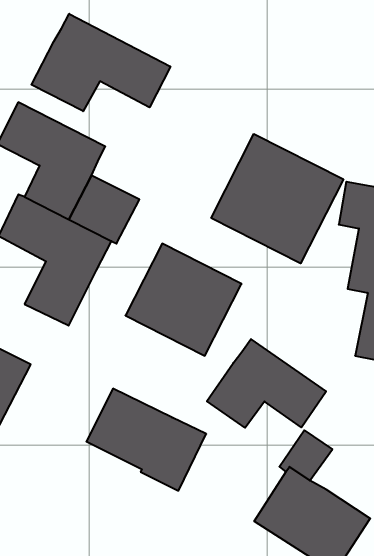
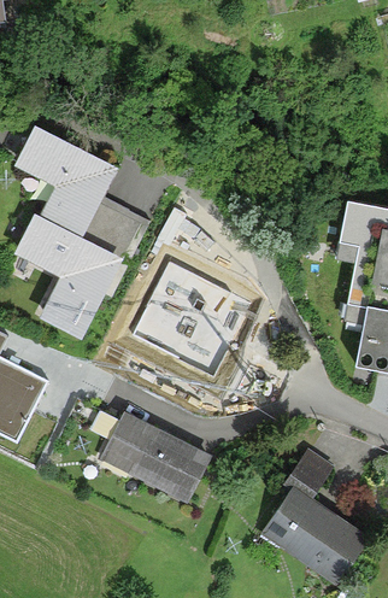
building: [31,14,170,111] -> none
building: [211,134,343,263] -> none
building: [207,339,326,428] -> none

